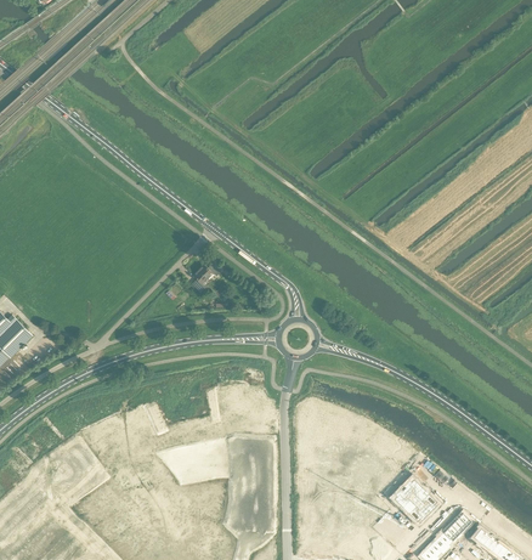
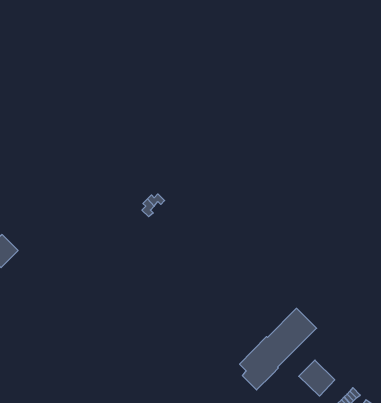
building: none -> [240,308,317,390]

